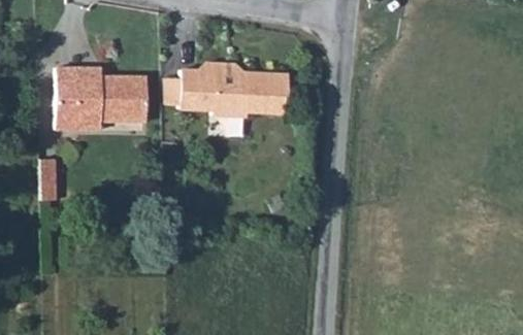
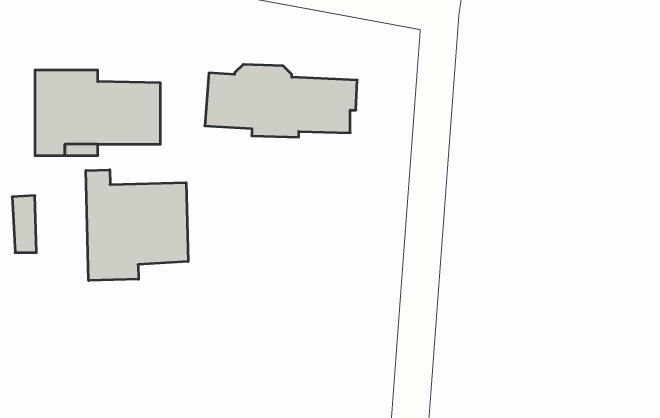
building: none -> [86,170,188,281]

